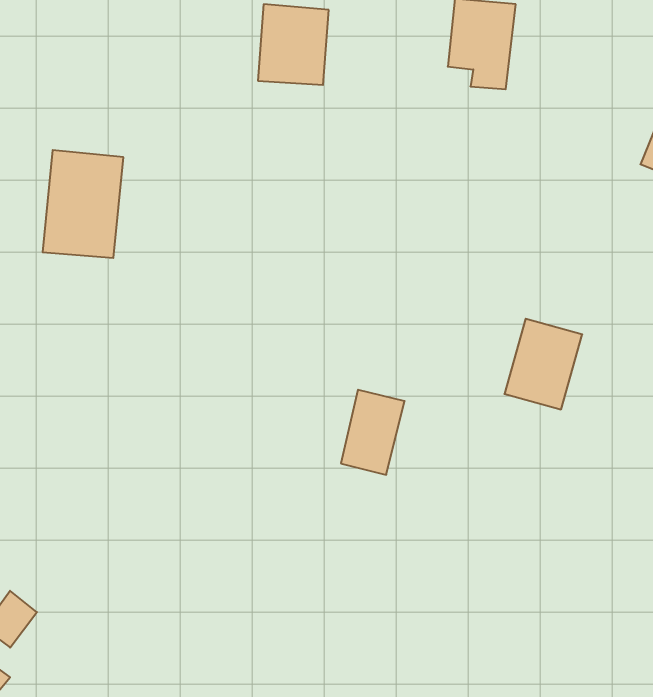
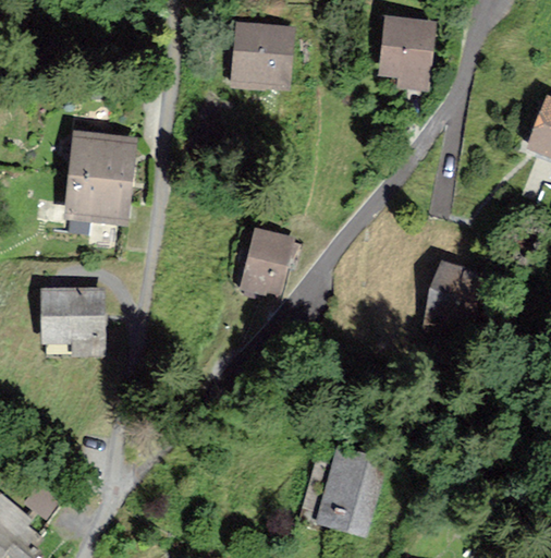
building: none -> [44,291,101,352]
building: [341,390,405,475] -> [242,229,291,294]
building: none -> [319,448,383,532]

